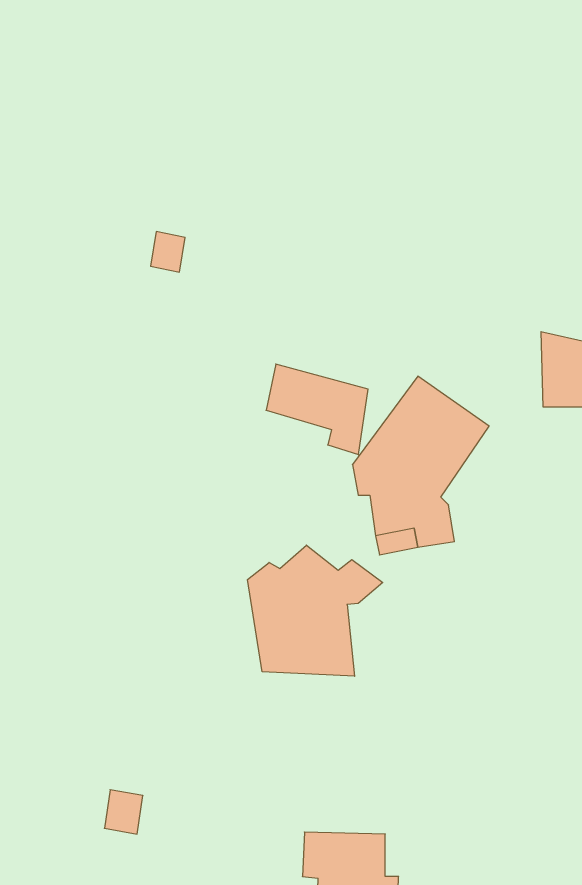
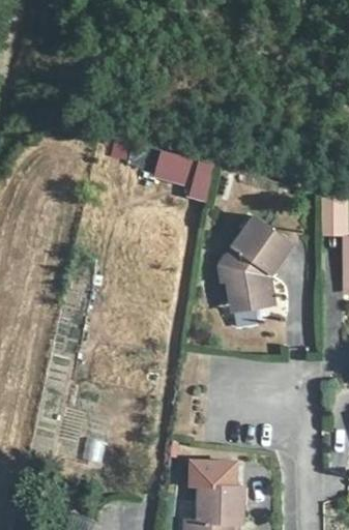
building: [266,364,368,455] -> [155,152,210,201]
building: [248,545,383,676] -> none

